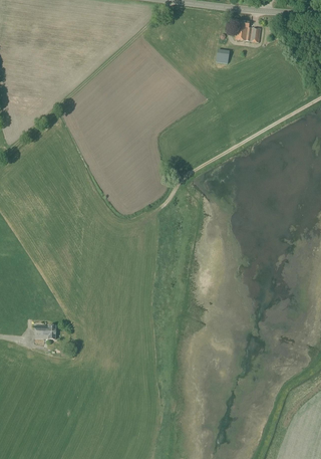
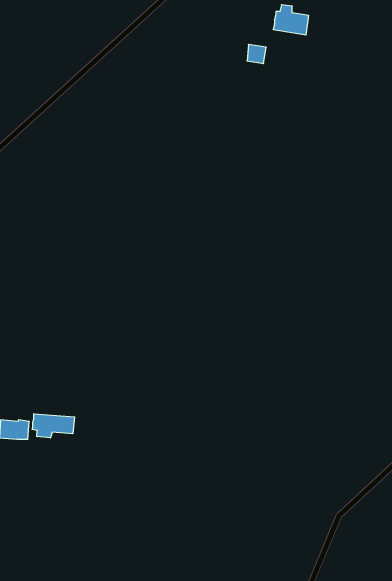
building: none -> [32,414,75,438]

